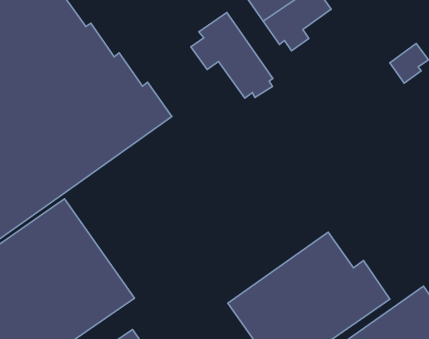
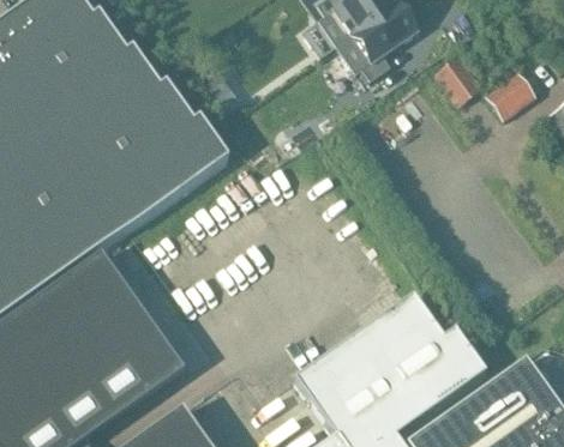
building: [191,12,273,98] -> none
building: none -> [434,54,484,104]

